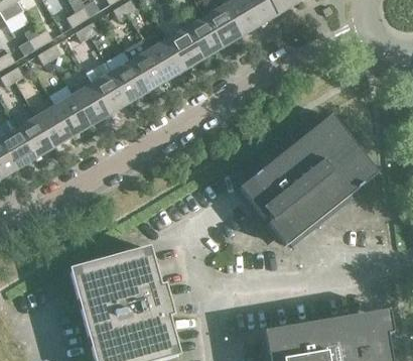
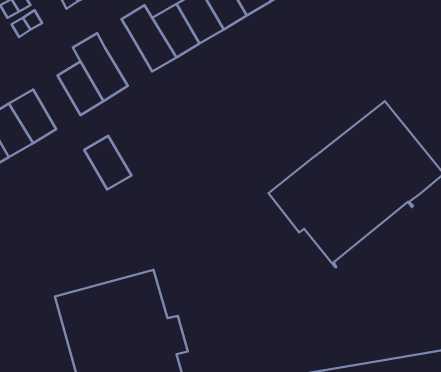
building: [111,59,148,102] -> none
building: [54,94,92,136] -> [84,136,131,190]

